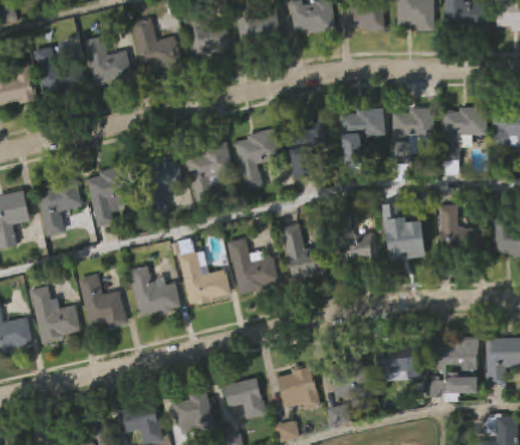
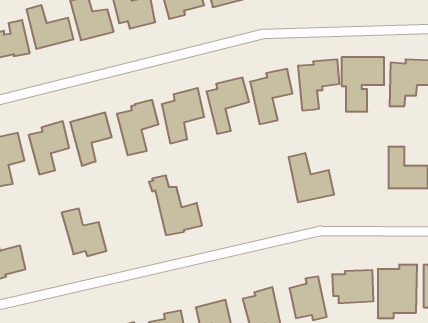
building: [382,199,429,257] -> none
building: [279,223,328,282] -> none
building: [226,237,279,295] -> none
building: [128,265,181,315] -> none
building: [29,285,81,344] -> none

